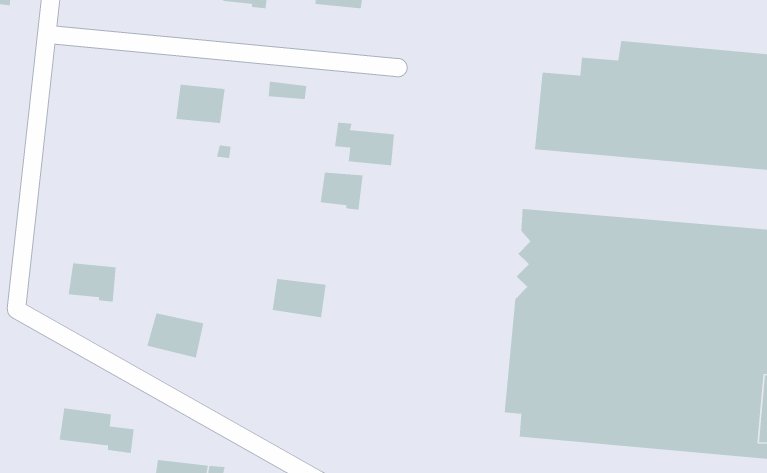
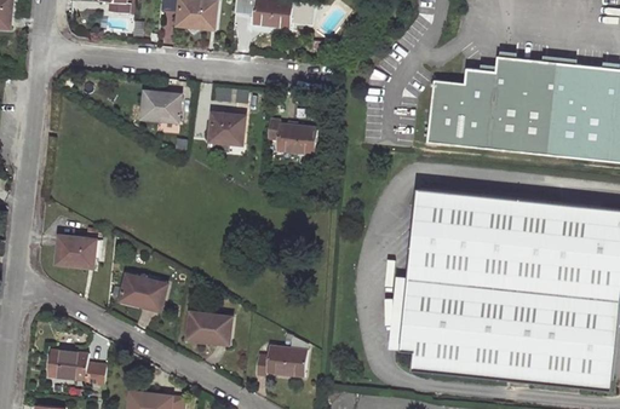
building: [320,172,364,210] -> [209,116,245,146]
building: [272,278,326,318] -> [186,315,230,346]
building: none -> [257,348,308,379]

